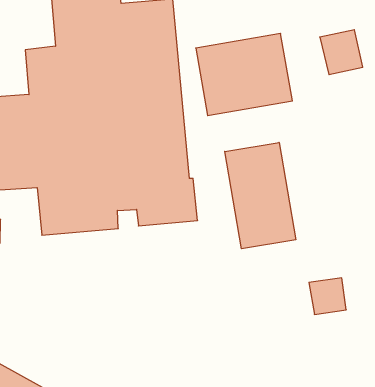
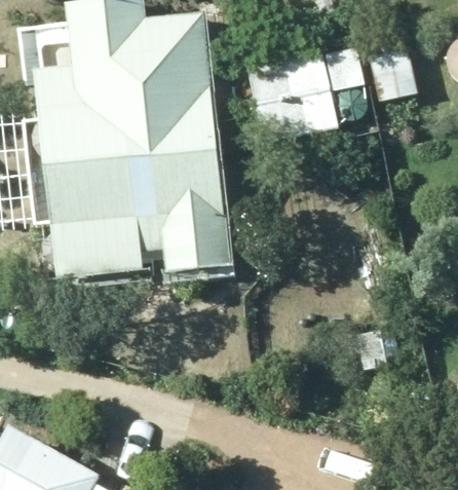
building: [225,142,296,249] -> none

